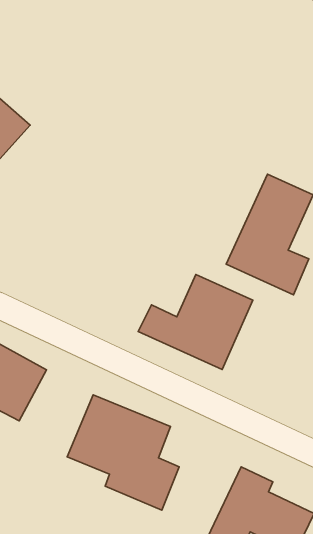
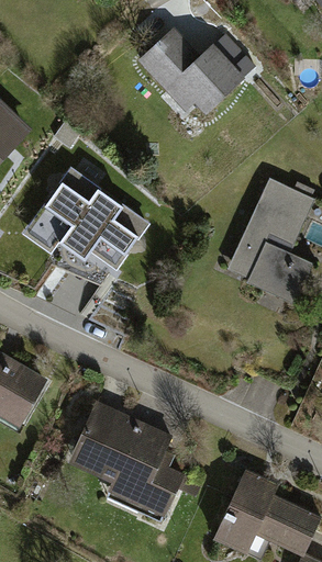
building: none -> [135,27,245,114]
building: none -> [26,162,148,276]
building: [138,274,253,370] -> none

